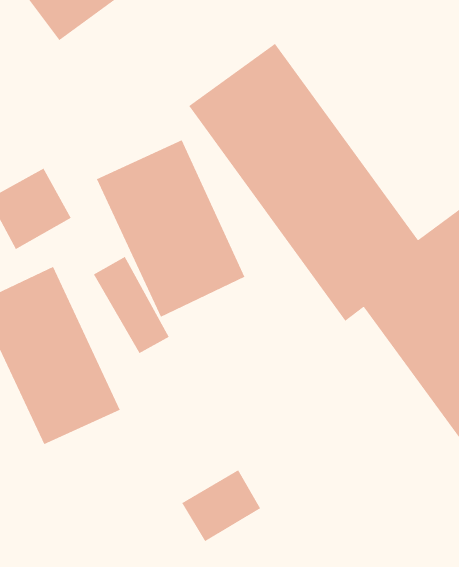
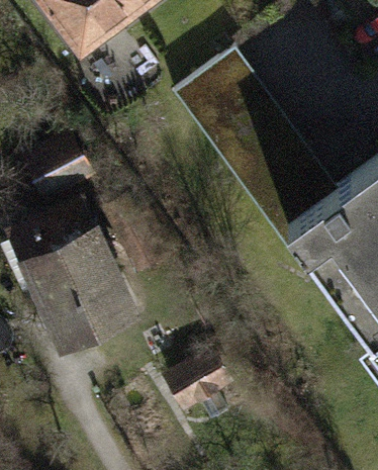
building: [96,139,246,318] -> none

